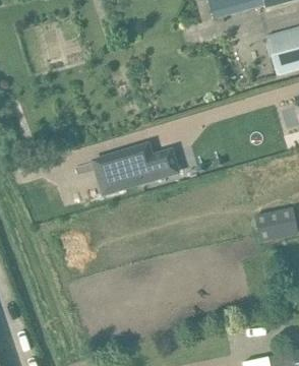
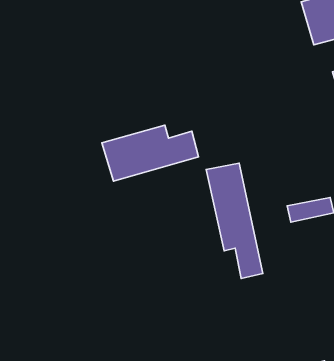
building: none -> [206,163,263,279]

